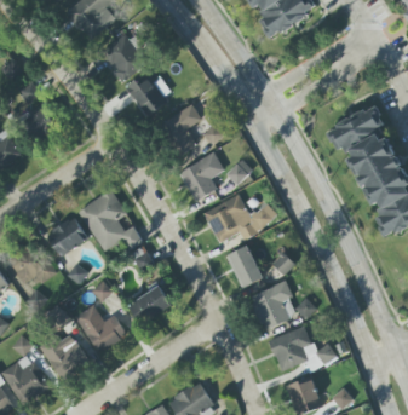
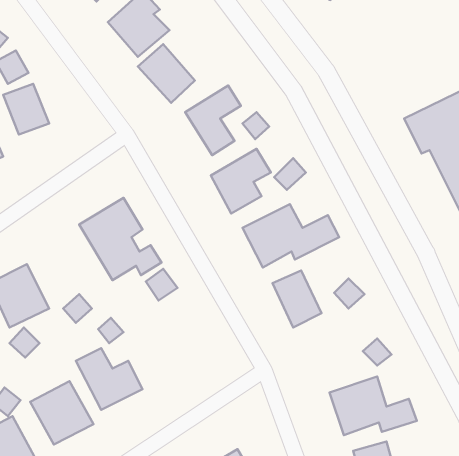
building: [46,218,87,257] -> none
building: [128,281,171,324] -> none
building: [249,282,295,329] -> none

